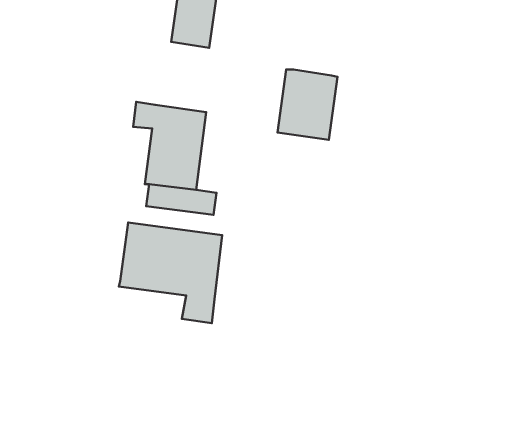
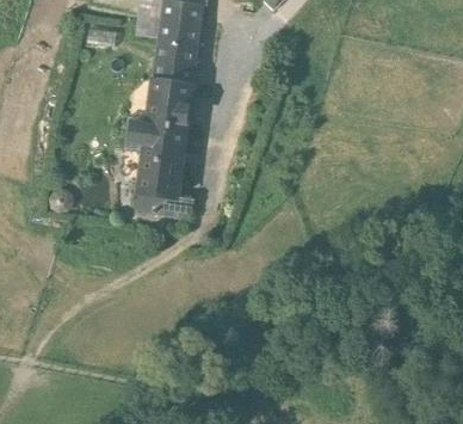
building: [277,70,337,140] -> [144,70,193,128]
building: [119,223,222,323] -> none

